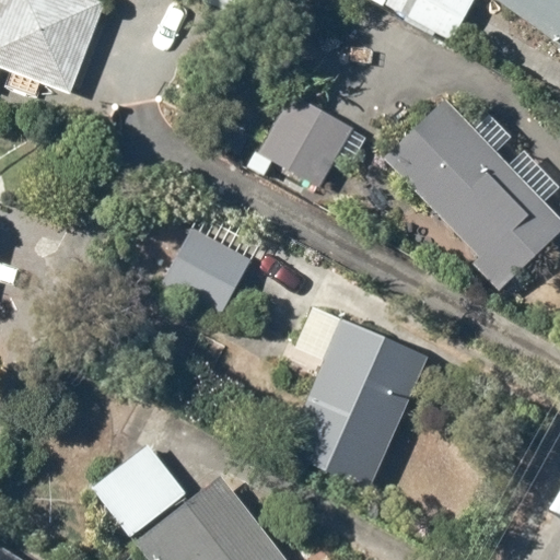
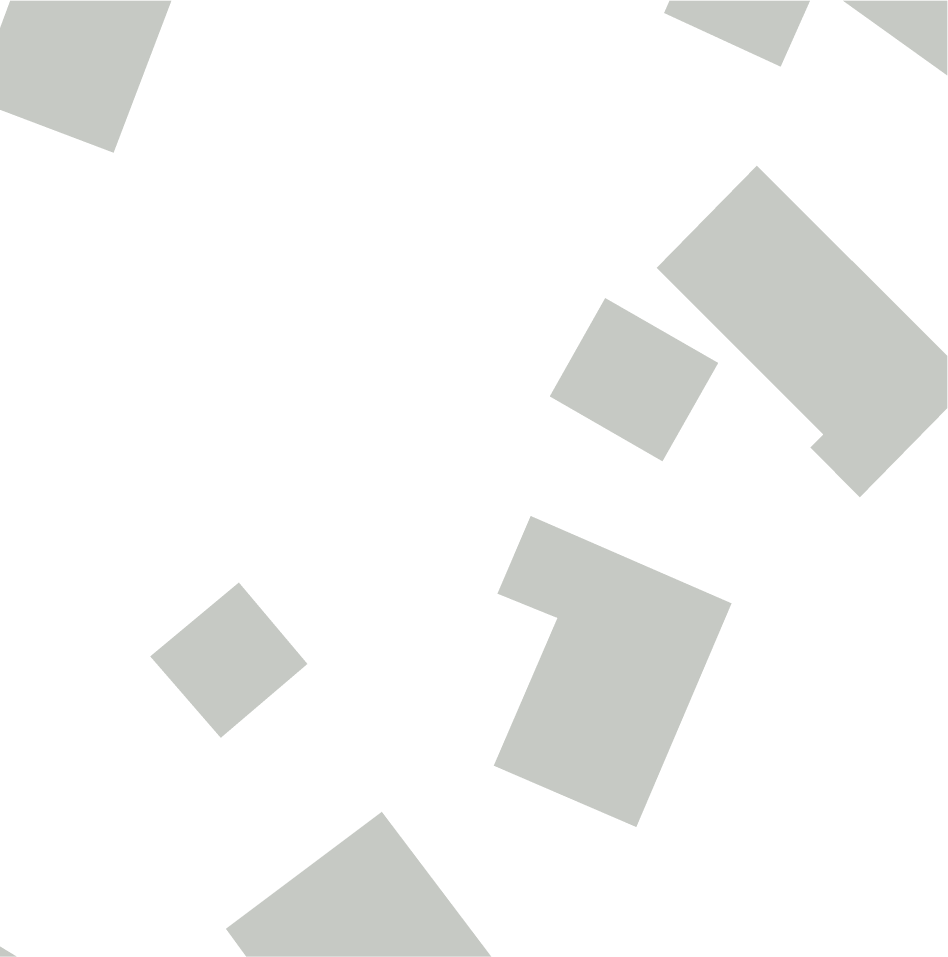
building: [258,91,358,187] -> [549,297,719,462]
building: [160,226,252,315] -> none
building: [91,446,184,538] -> [149,581,308,739]

